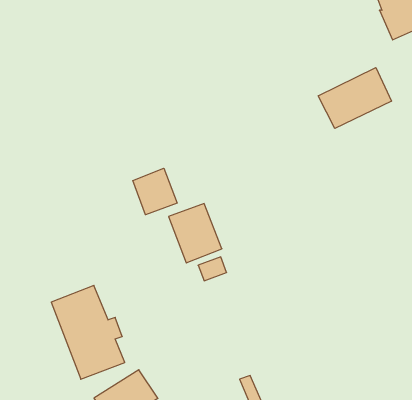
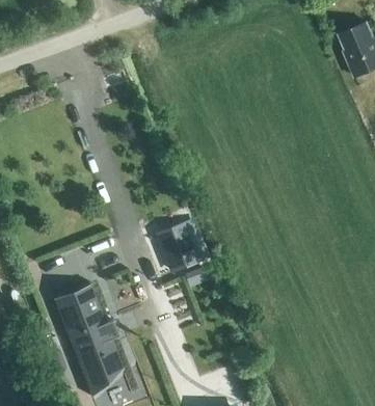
building: [318,68,391,128] -> none
building: [133,168,177,215] -> none

